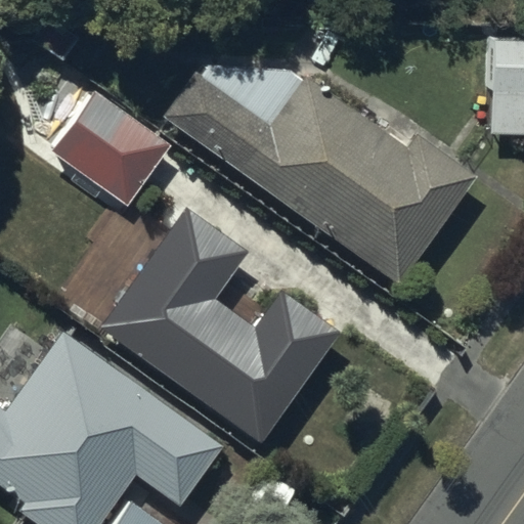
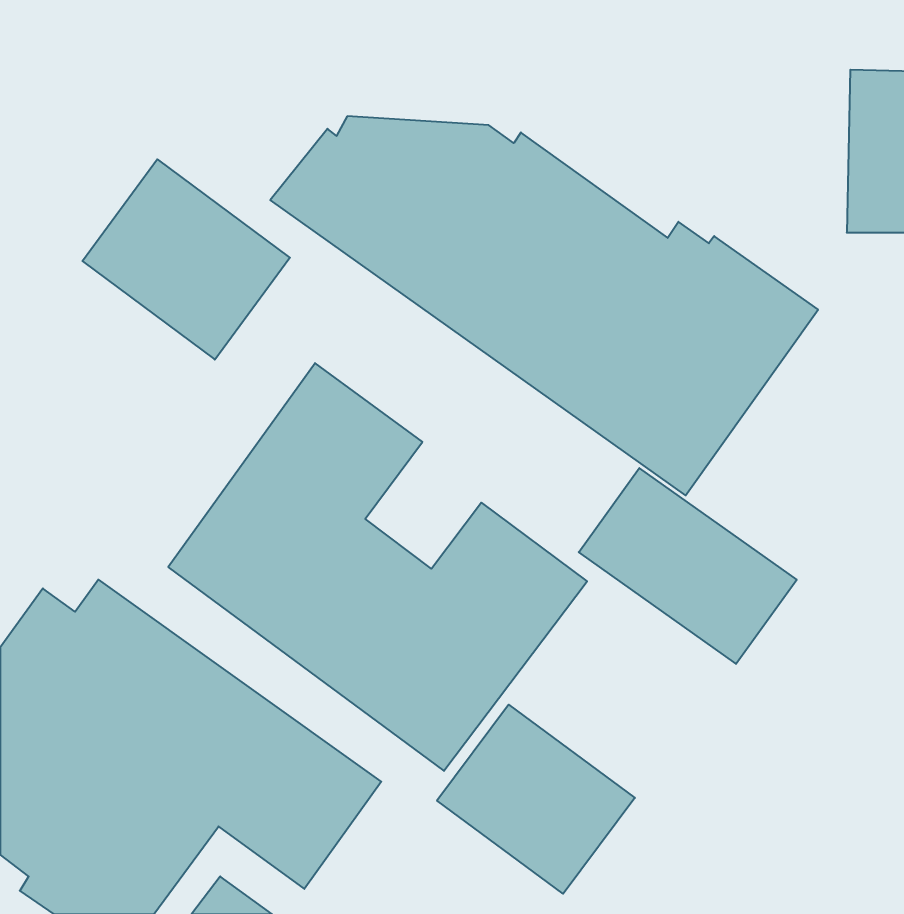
building: none -> [579,468,797,664]
building: none -> [437,705,635,894]

